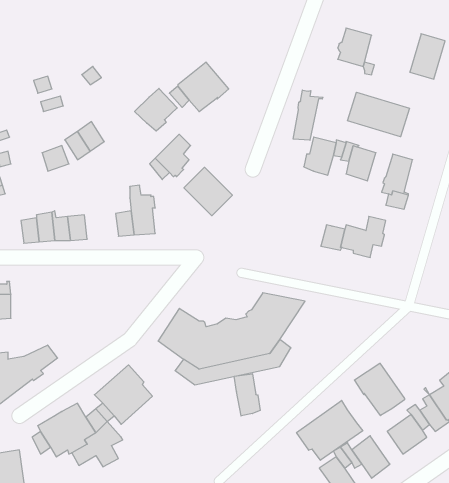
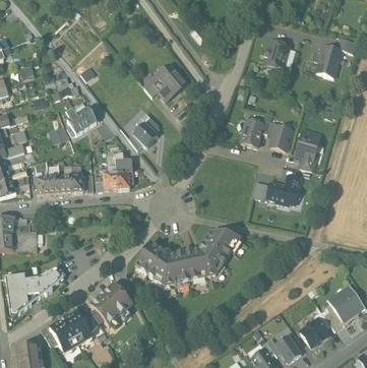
building: [135,88,177,131] -> none
building: [293,90,323,140] -> none
building: [347,92,410,137] -> none
building: [184,167,232,216] -> none
building: [354,363,405,416] -> none
building: [234,374,260,416] -> none
building: [297,400,363,460] -> none

